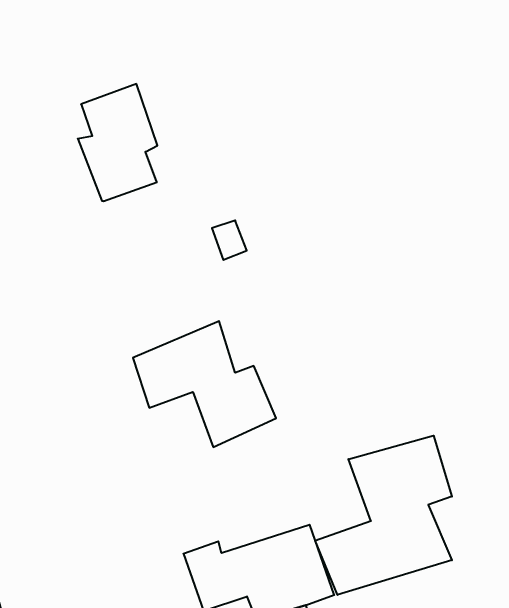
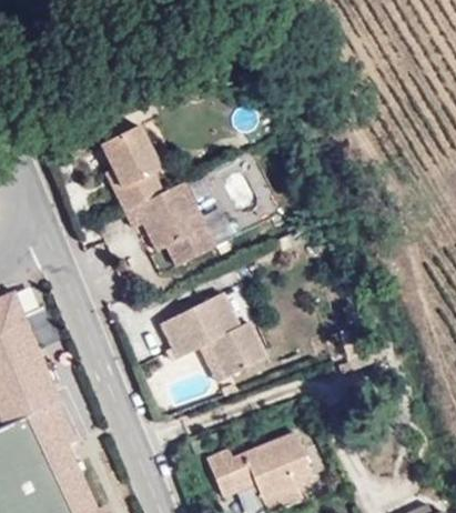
building: none -> [126,185,215,268]
building: [315,436,452,595] -> none

